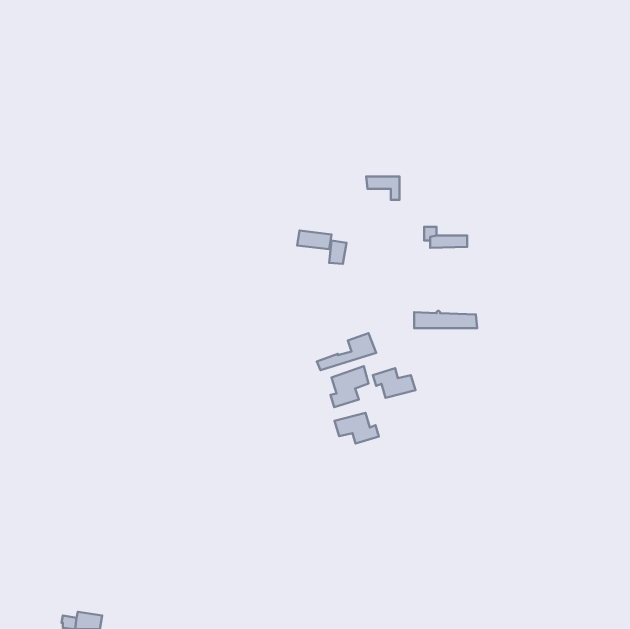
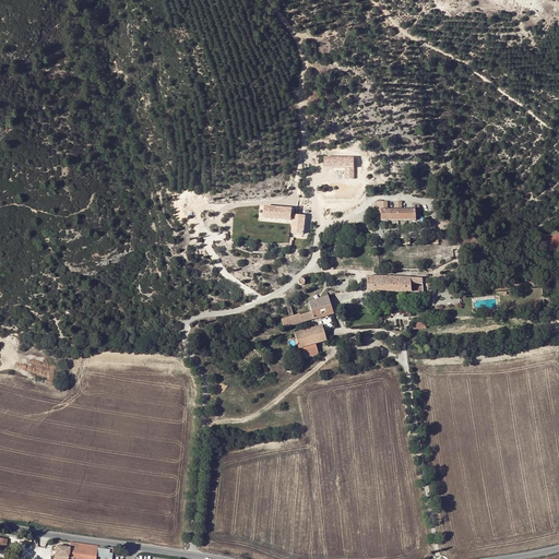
building: [373,368,415,398] -> none
building: [334,413,379,443] -> none

